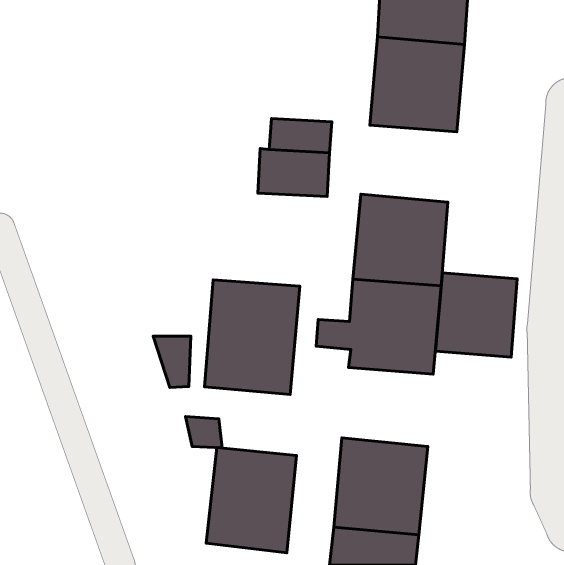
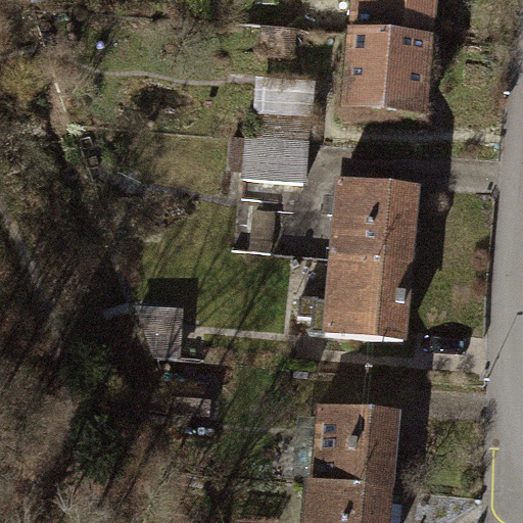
building: [435,273,517,357] -> none
building: [205,280,300,395] -> none
building: [206,448,297,553] -> none

